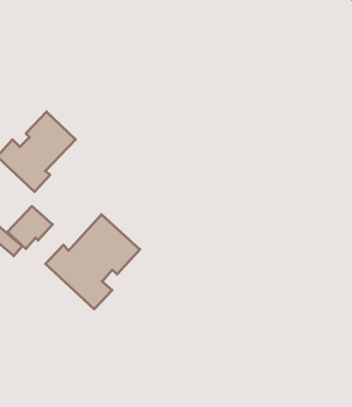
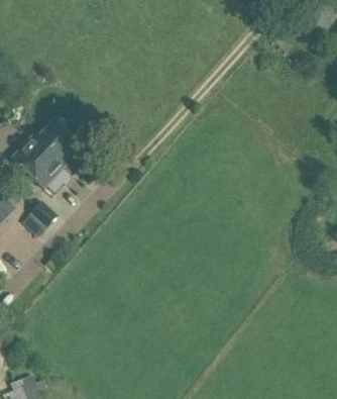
building: [46,214,140,309] -> none

